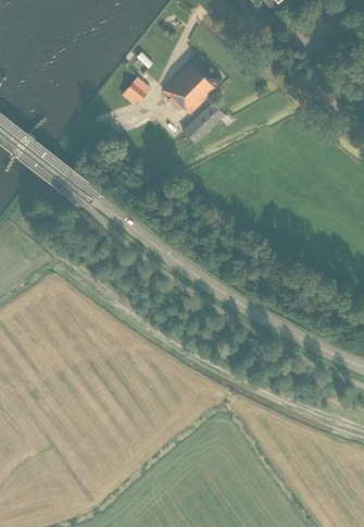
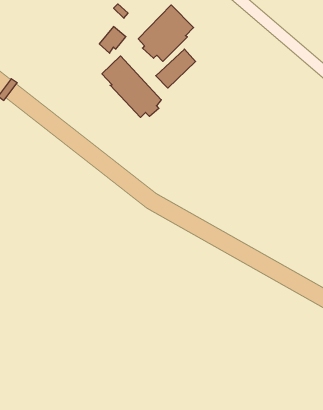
building: none -> [102,56,161,117]

